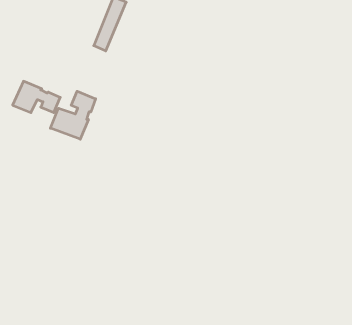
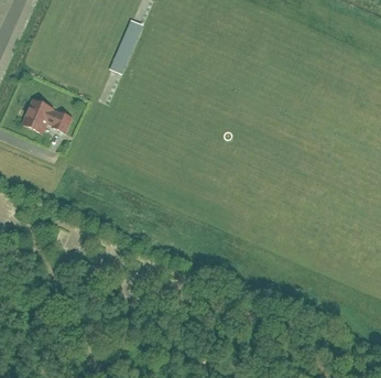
building: [50,91,96,139] -> none

